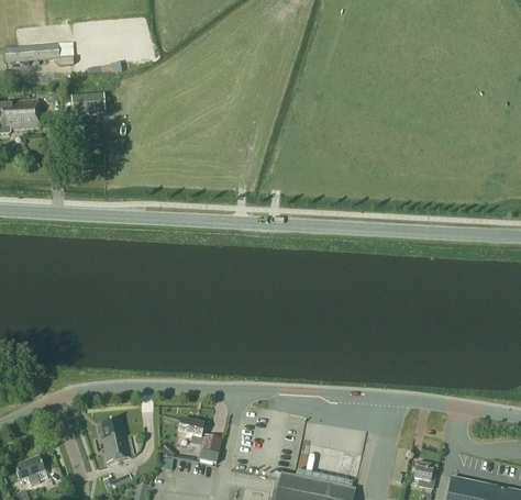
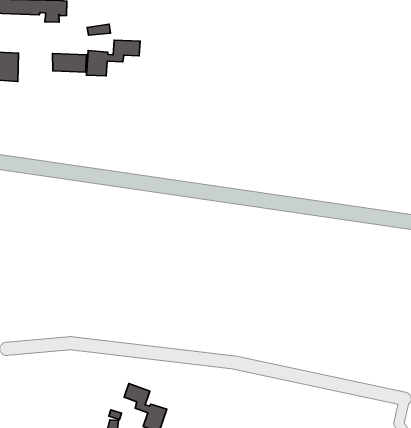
building: none -> [87,40,140,76]
building: [101,419,131,462] -> none

